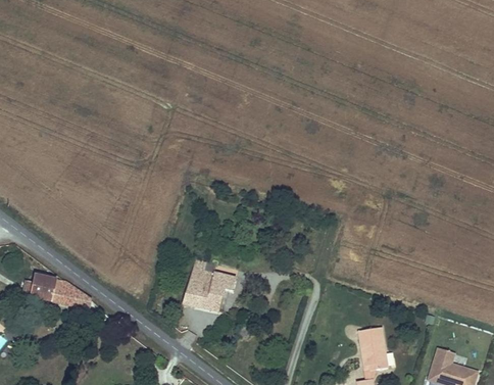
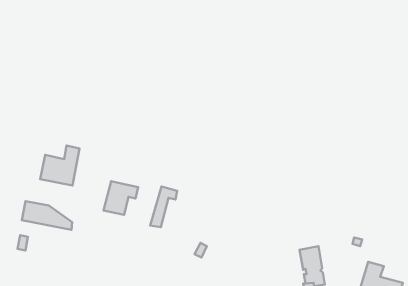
building: none -> [40,146,79,185]
building: [195,271,236,310] -> [103,181,138,215]

